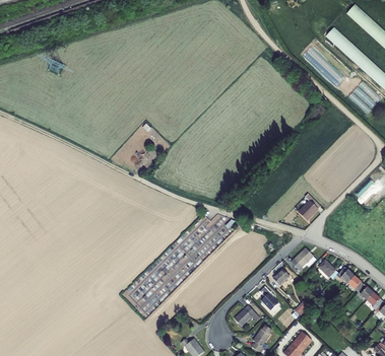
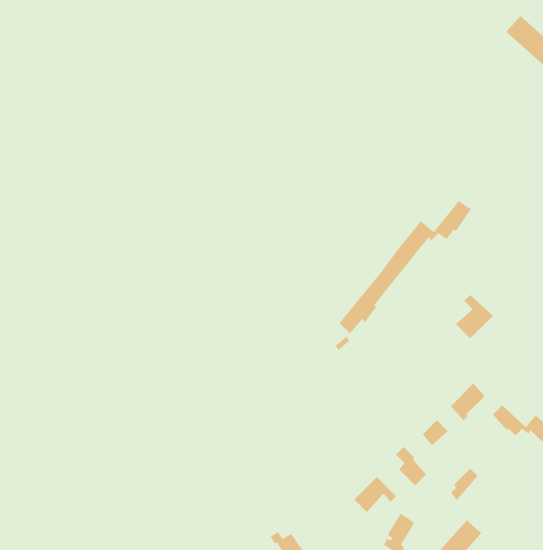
building: none -> [339,200,472,334]

